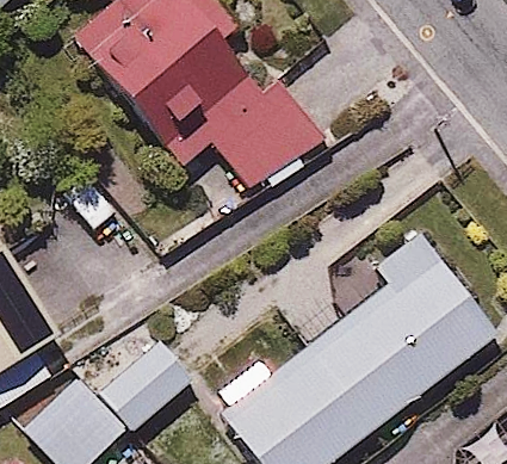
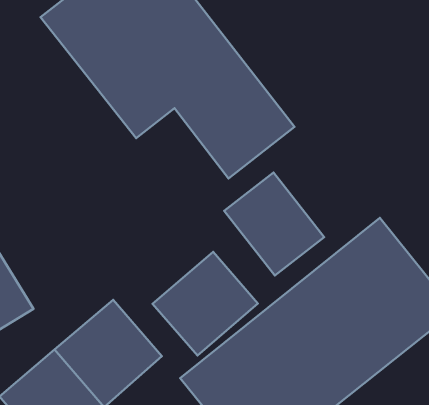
building: none -> [224,172,324,276]
building: none -> [153,252,258,355]

